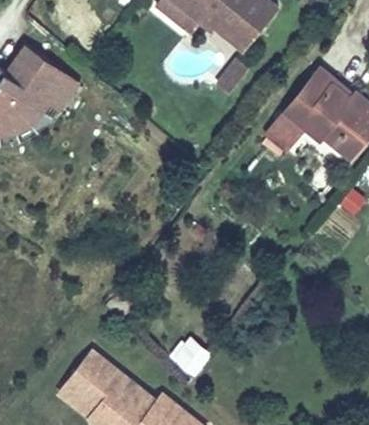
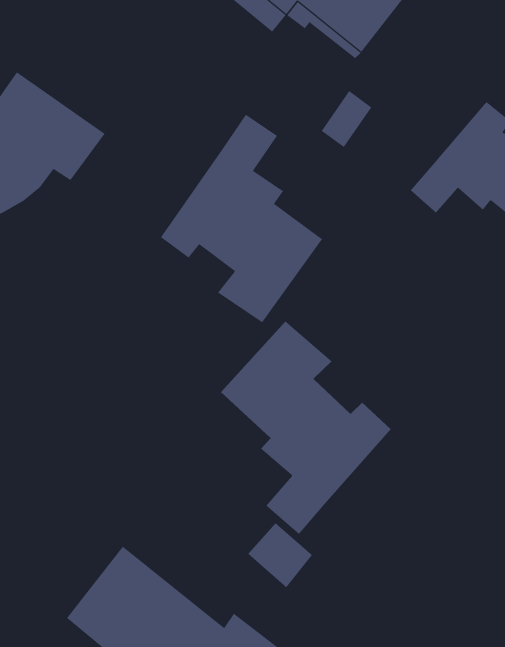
building: none -> [160,114,323,323]
building: none -> [220,321,392,535]

